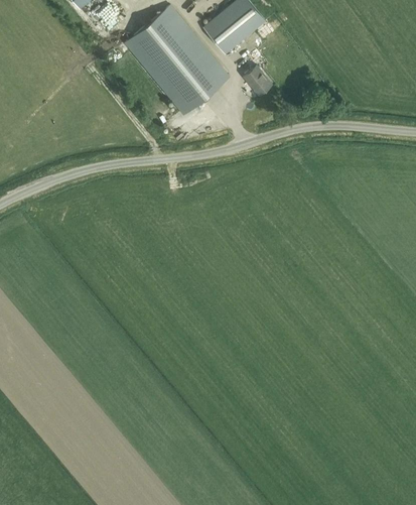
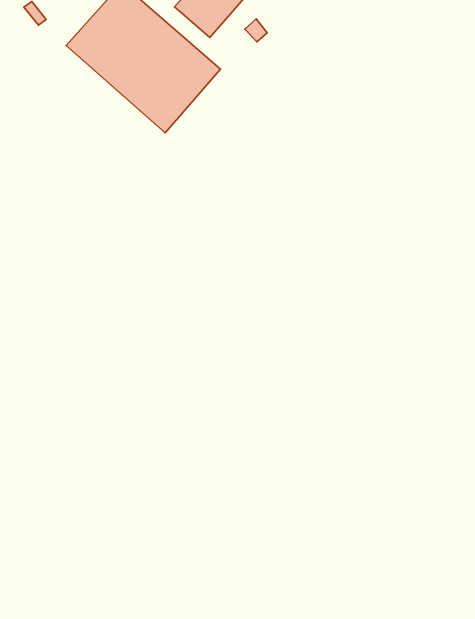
building: [243,66,272,96] -> none

